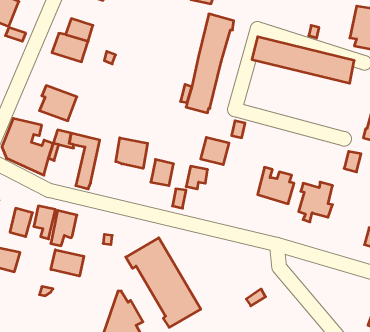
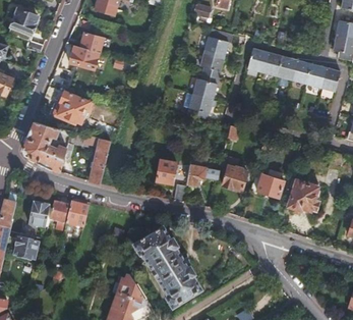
building: [201,137,229,165] -> [222,165,247,190]
building: [116,138,148,168] -> none
building: [51,250,84,276] -> none

